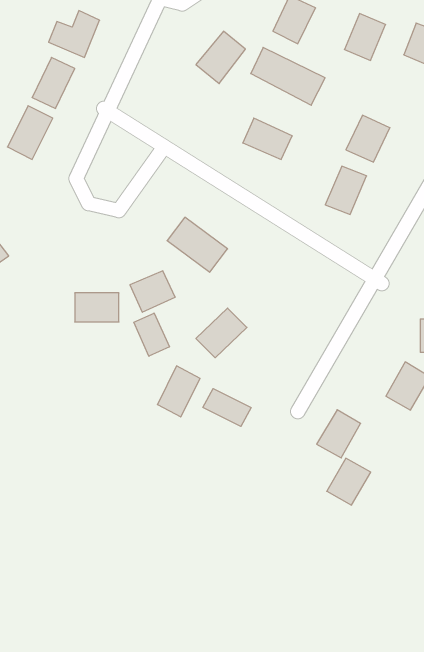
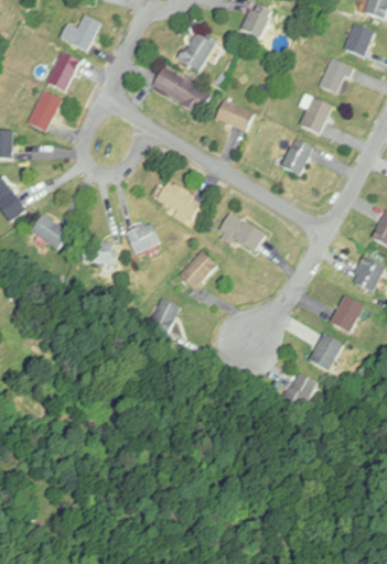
building: [344,14,386,60] -> [319,57,352,95]
building: [251,47,325,105] -> [152,67,212,113]
building: none -> [31,214,69,250]
building: none -> [219,217,265,249]
building: [134,313,169,356] -> none
building: [203,389,251,426] -> none
building: [317,410,361,458] -> [308,333,343,371]

